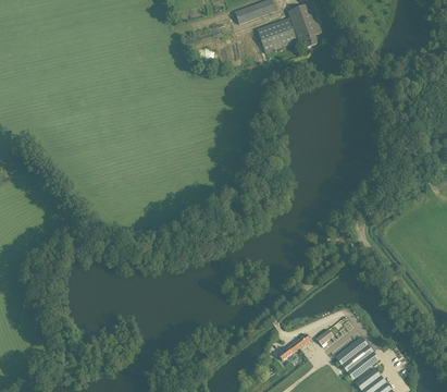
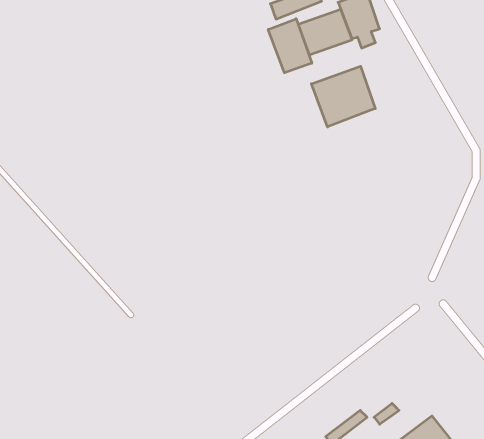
building: none -> [268,19,312,73]
building: none -> [311,66,375,127]

